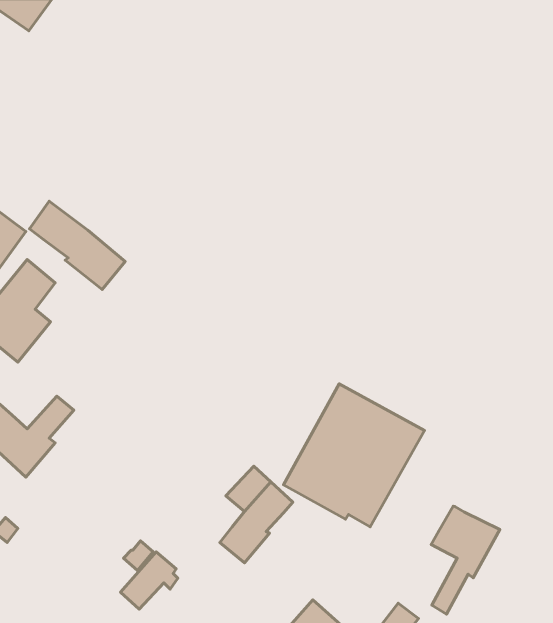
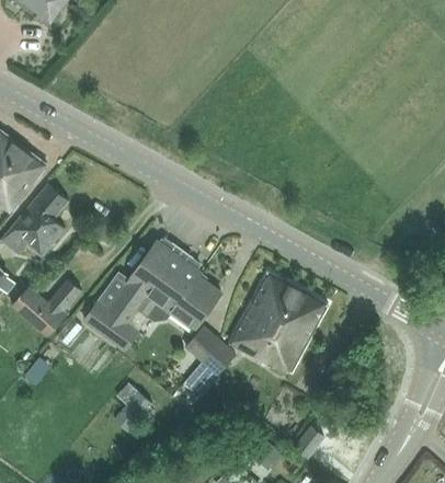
building: [30,201,125,290] -> none
building: none -> [84,239,221,352]
building: [431,506,500,614] -> none

